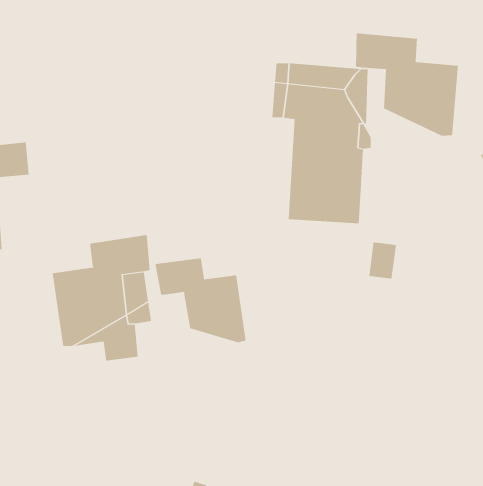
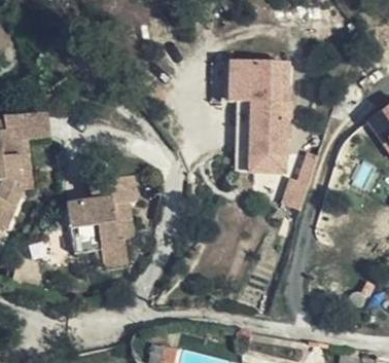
building: [356,33,458,136] -> none
building: [155,257,246,343] -> none

